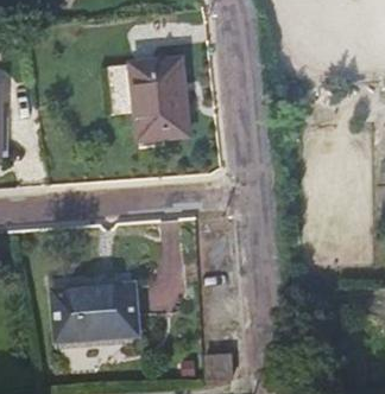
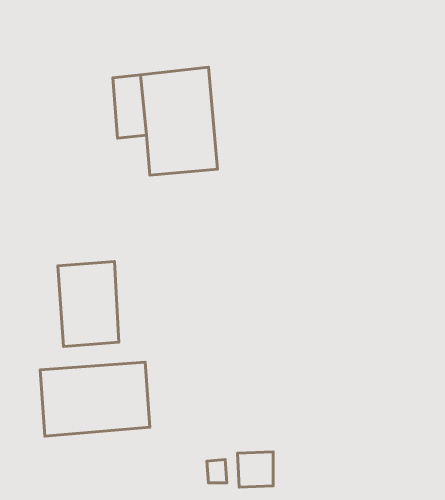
building: none -> [58,262,119,346]

